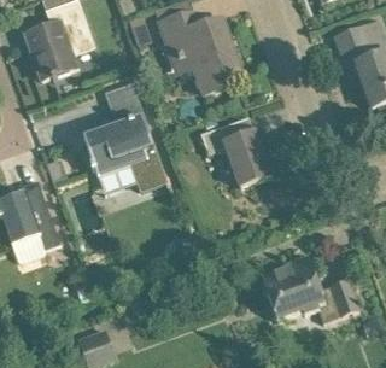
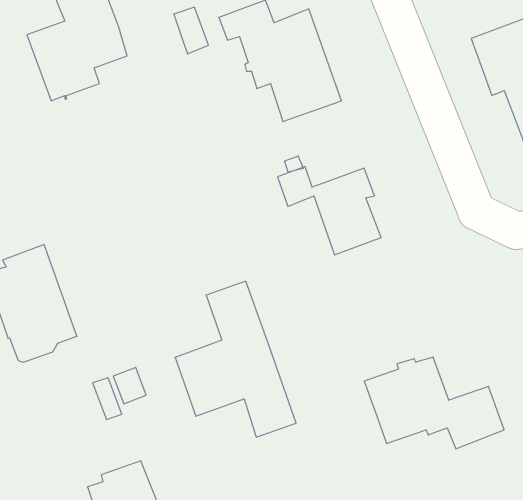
building: [82,81,166,189] -> [175,281,296,437]

